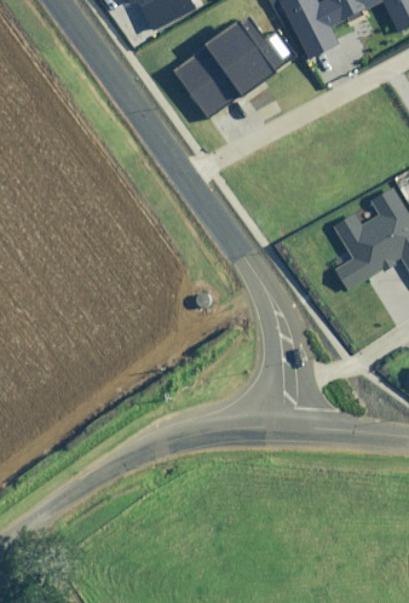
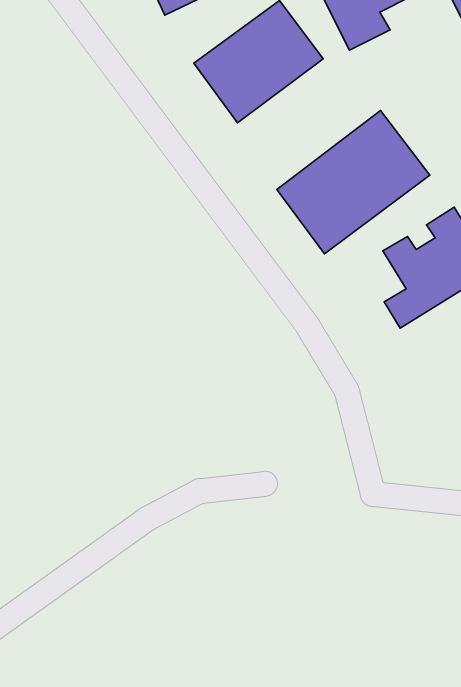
building: none -> [277,110,430,254]

